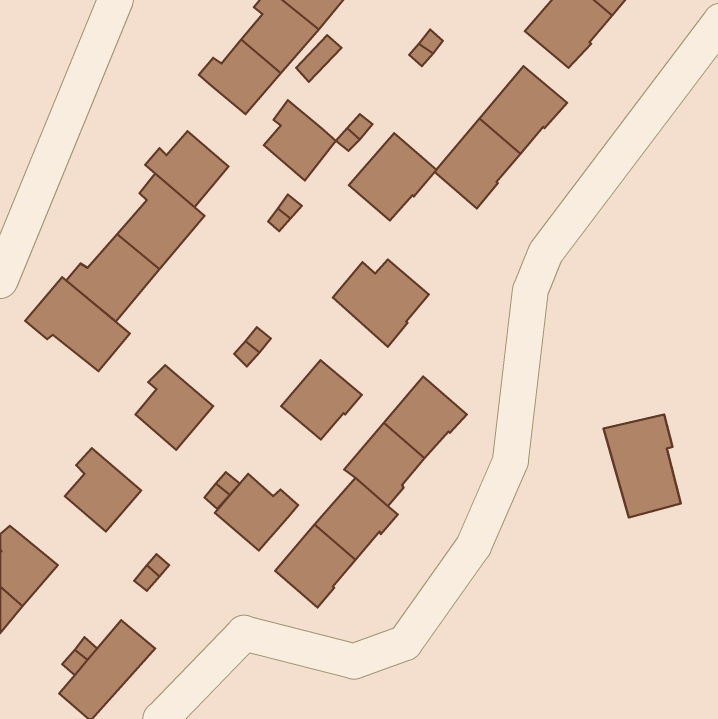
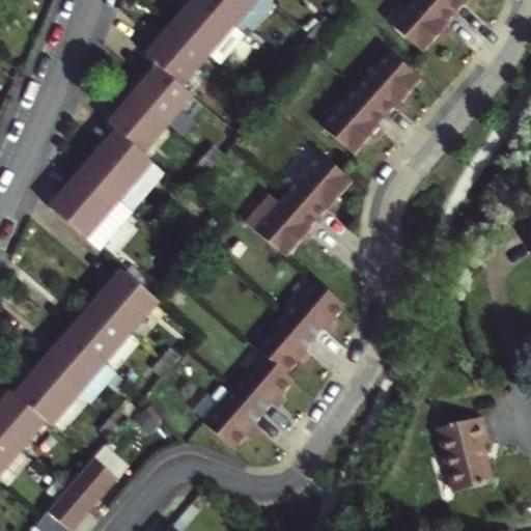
building: [264,100,336,180] -> [140,63,193,122]
building: [349,133,436,220] -> [287,152,352,217]
building: [25,277,130,371] -> none
building: [281,360,362,440] -> none
building: none -> [69,305,132,361]
building: [603,415,681,517] -> [437,417,494,493]
building: [215,474,298,551] -> none
building: none -> [16,365,80,423]

